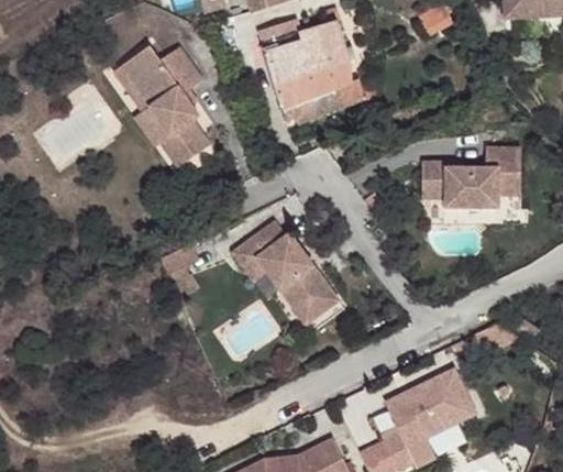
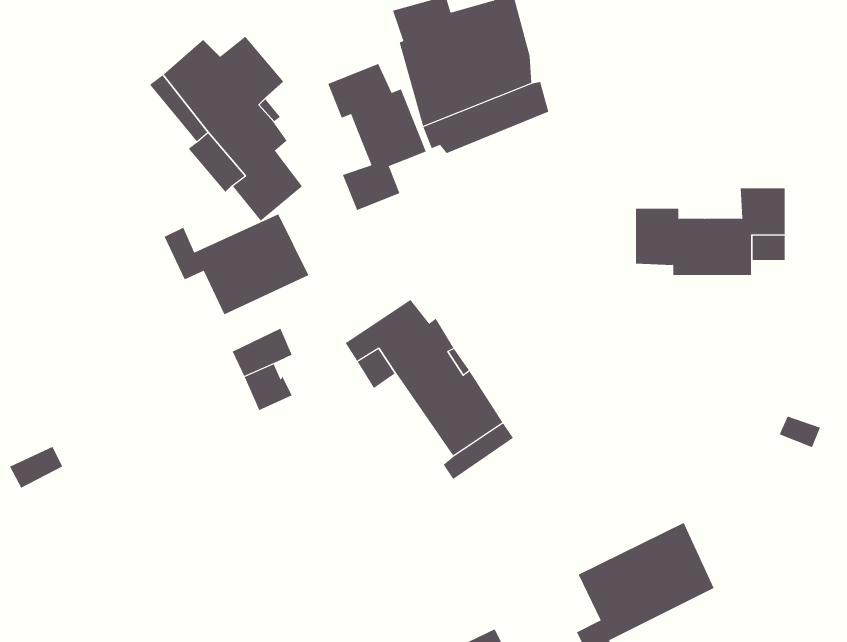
building: none -> [327,63,427,211]
building: none -> [164,213,309,315]

